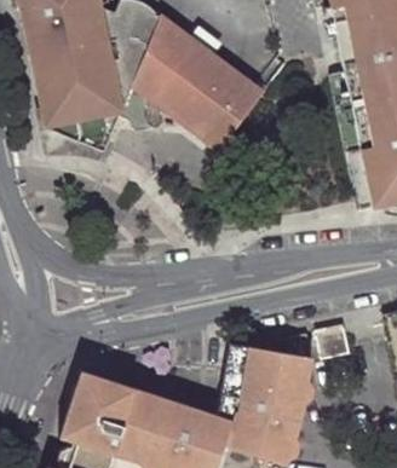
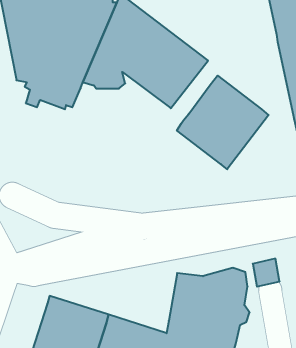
building: none -> [177,76,269,169]

